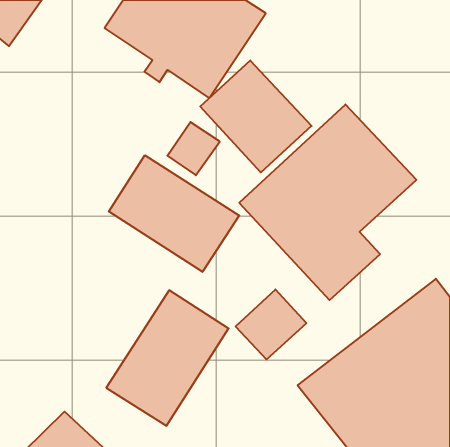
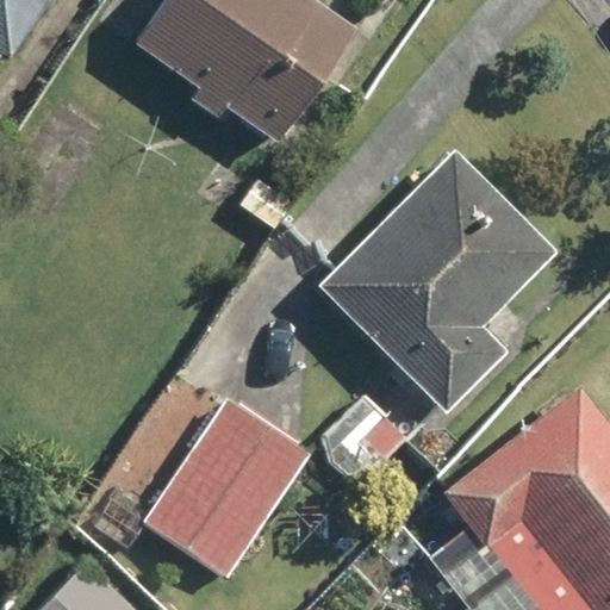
building: [200,60,312,172] -> none
building: [109,155,239,272] -> none

